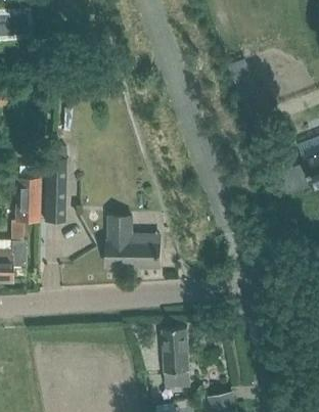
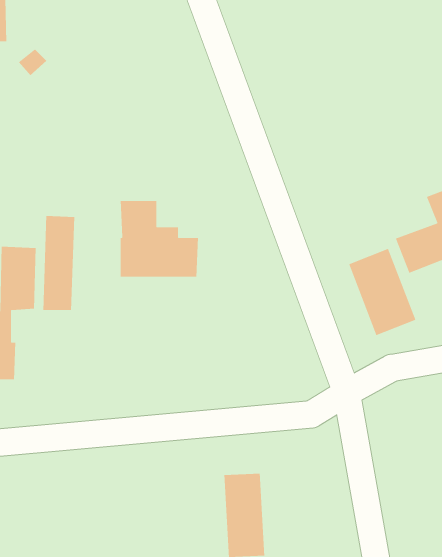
building: none -> [348,248,416,336]
building: [109,216,162,267] -> [120,200,199,277]

